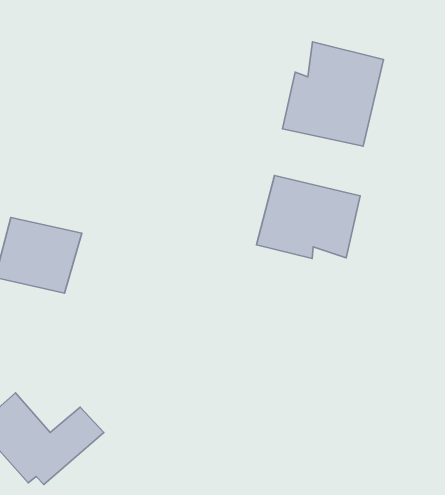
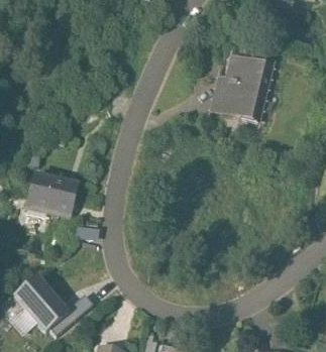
building: [256,176,360,259] -> none

